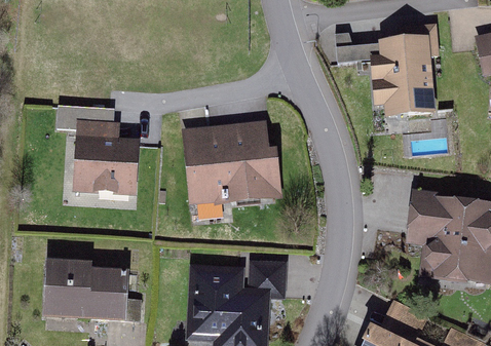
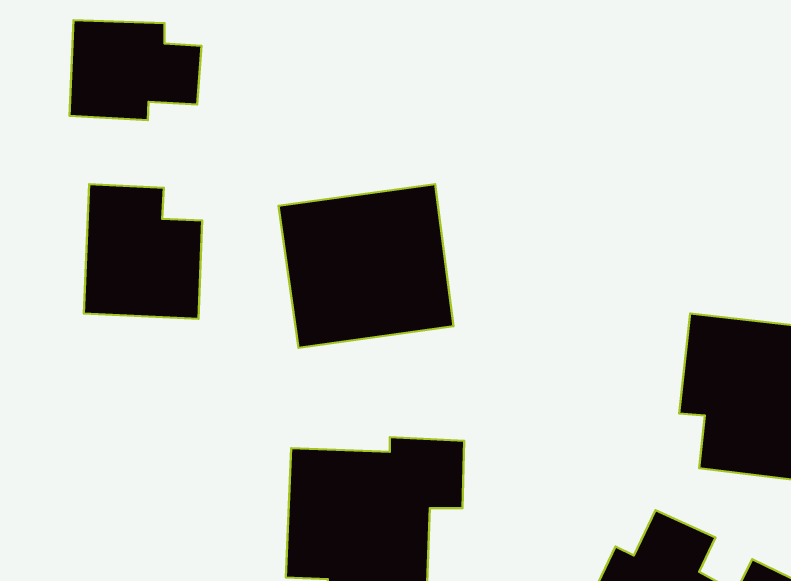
building: [367,22,437,114] -> none
building: none -> [70,20,202,120]
building: [45,260,127,320] -> none

